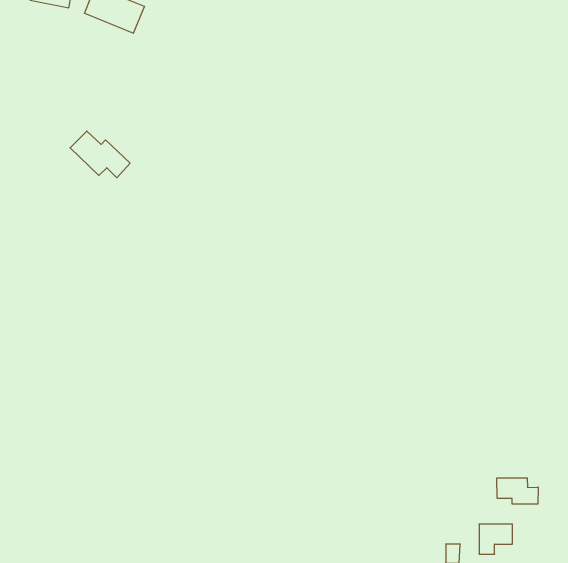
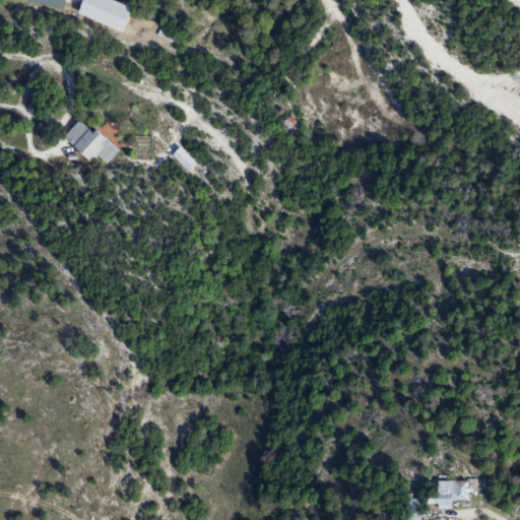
building: [497,478,538,504] -> none

